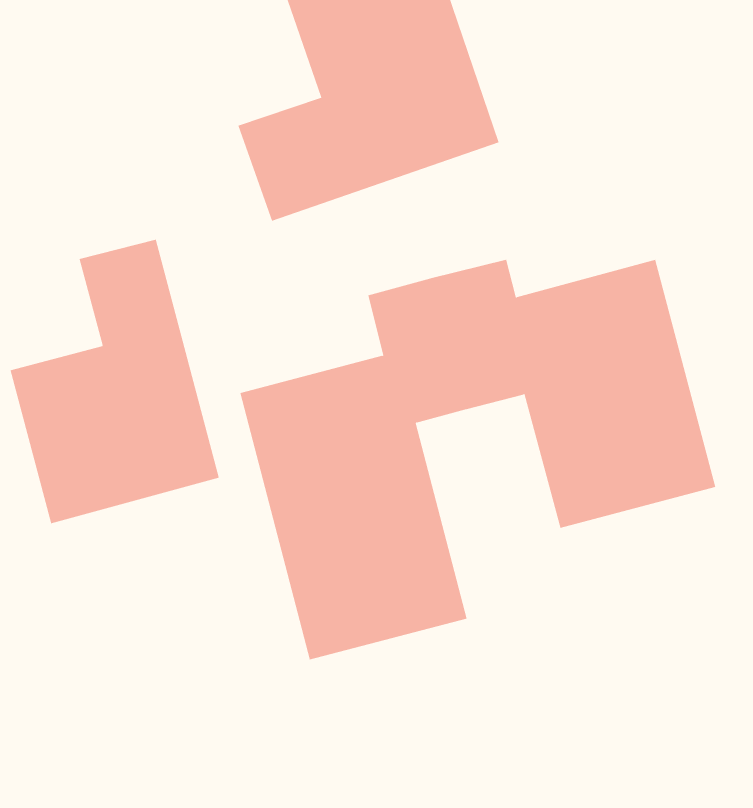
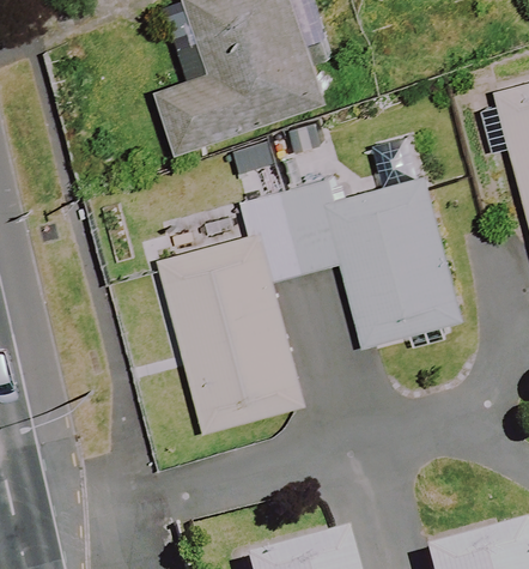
building: [10,239,220,524] -> none

